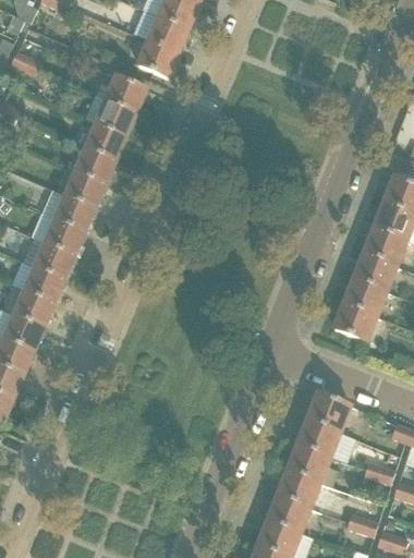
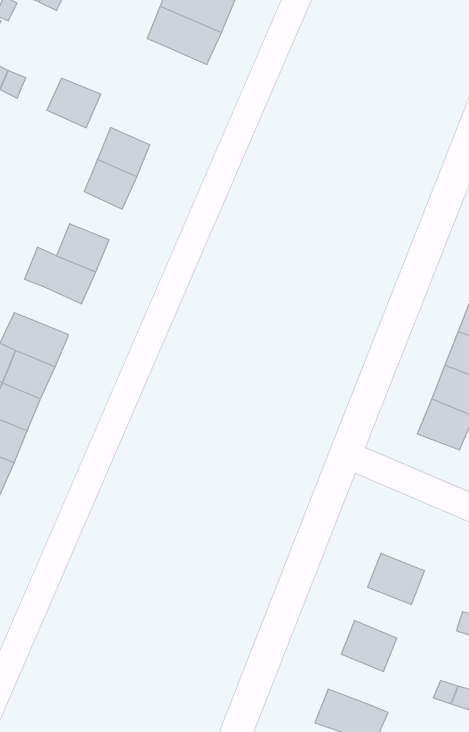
building: [138,40,178,77] -> none
building: [106,76,146,113] -> [47,78,101,128]
building: [75,148,114,184] -> none
building: [32,214,84,256] -> none
building: [307,393,350,432] -> none
building: [288,444,330,482] -> none
building: [268,494,309,532] -> none

